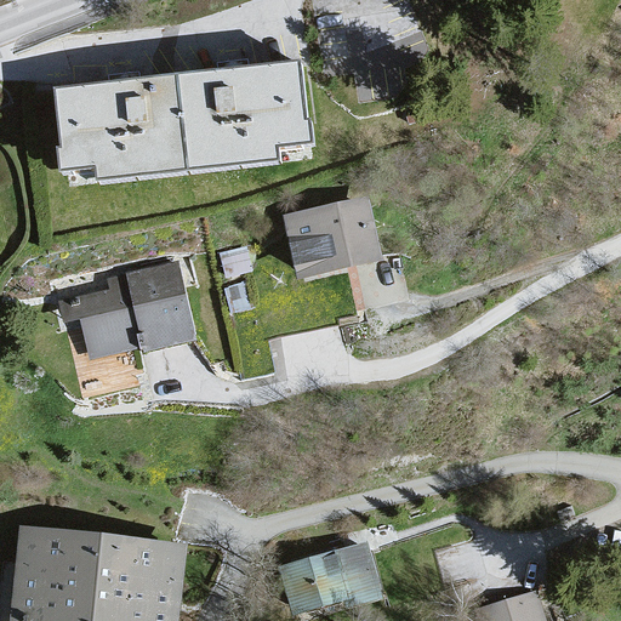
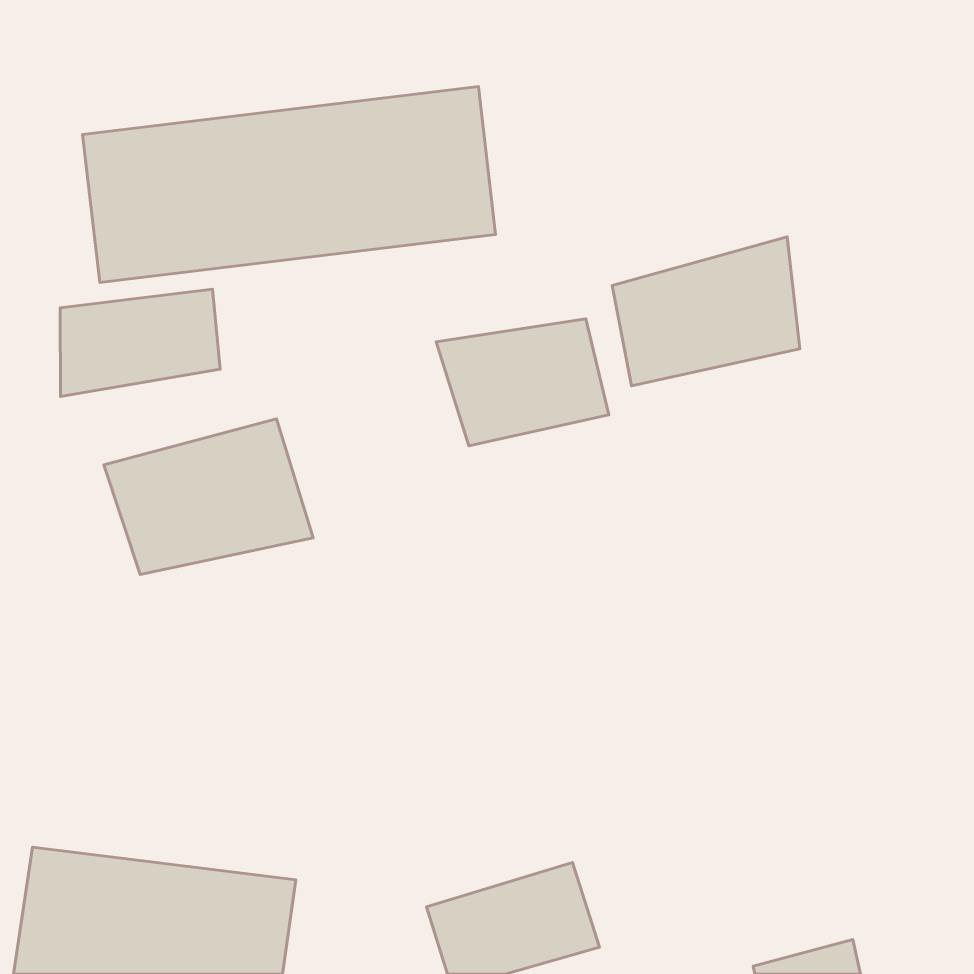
building: none -> [612,237,800,386]
building: none -> [60,289,220,396]

